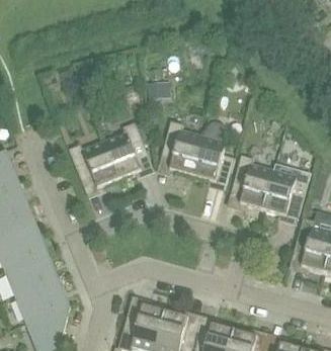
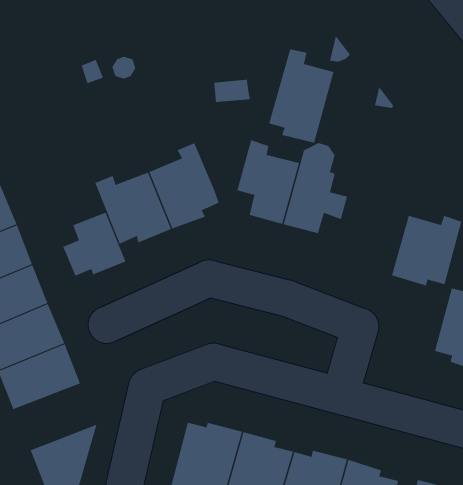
building: none -> [268,49,334,144]
building: [230,154,274,208] -> none
building: none -> [62,212,126,276]
building: [15,279,71,323] -> none

